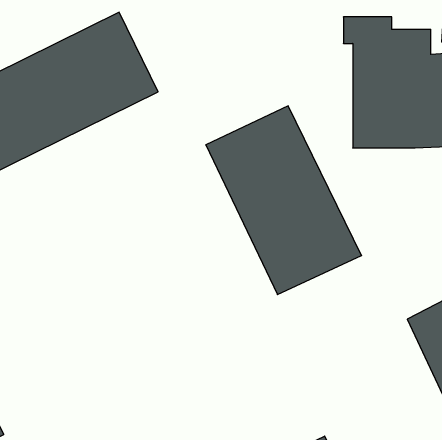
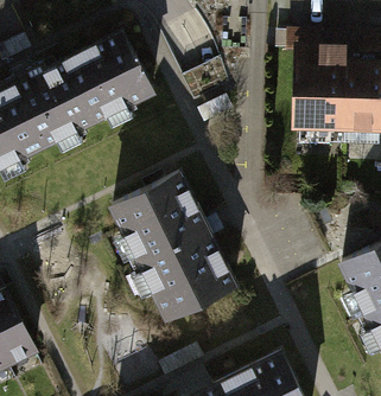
building: [206,106,362,295] -> [116,177,235,320]

